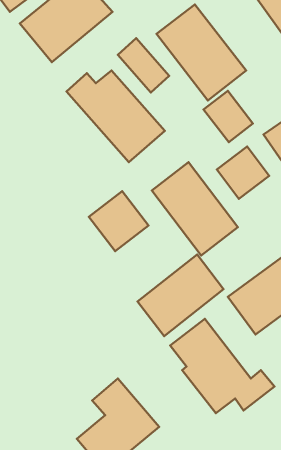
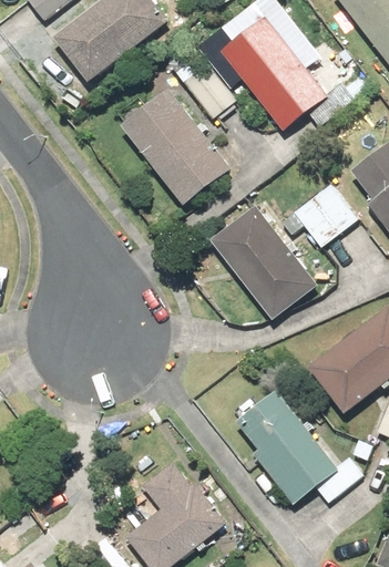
building: [204,91,253,142] -> none
building: [89,191,149,251] -> none
building: [137,255,224,336] -> none

